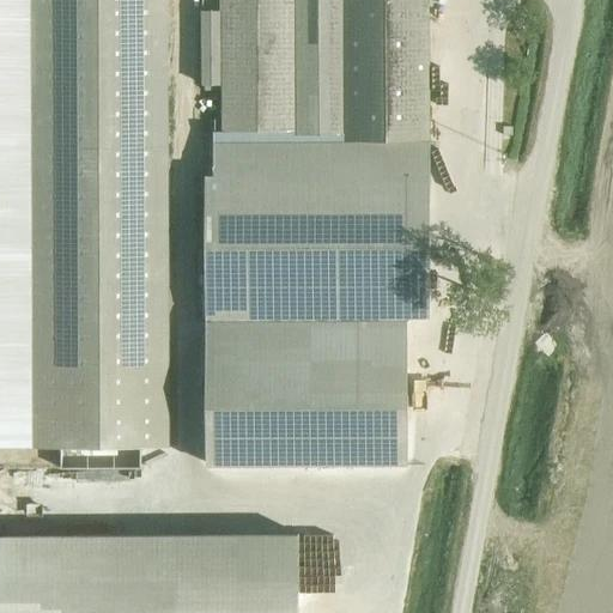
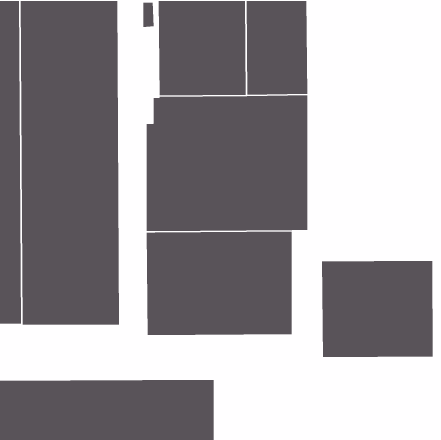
building: none -> [321,260,434,358]

